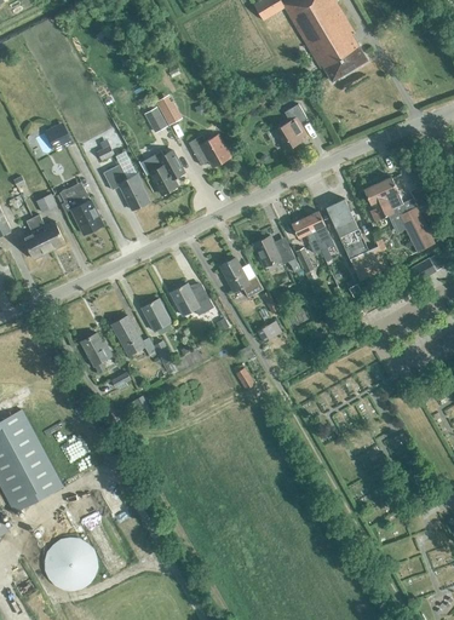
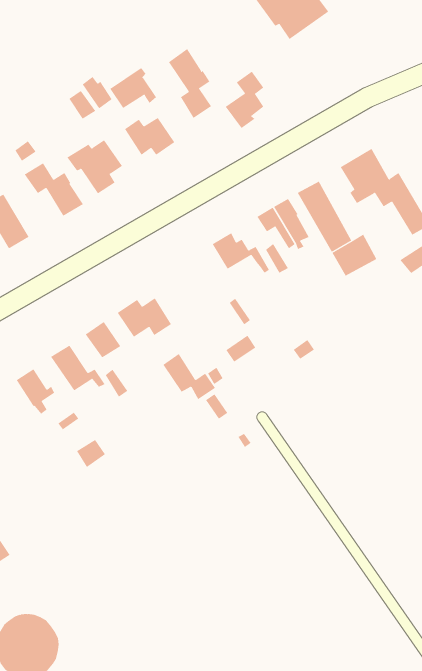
building: none -> [168,48,212,119]
building: none -> [109,67,157,109]
building: [220,258,263,298] -> [162,353,216,400]

